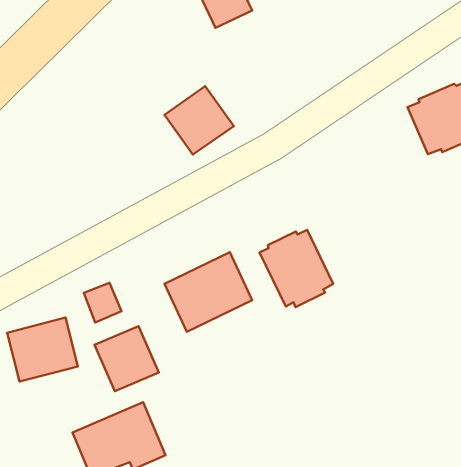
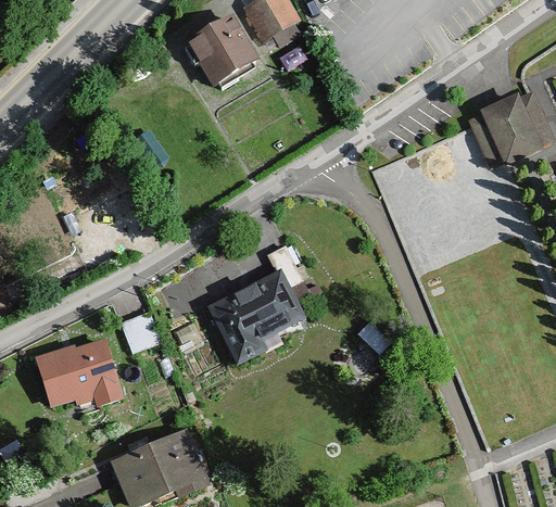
building: [164,86,234,155] -> [187,17,261,90]
building: [260,230,333,307] -> none
building: [95,326,159,391] -> none

